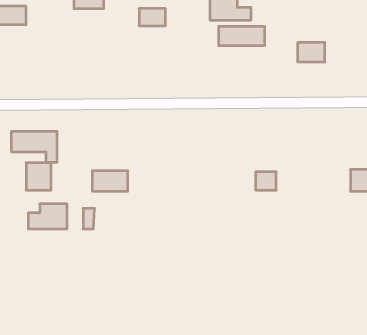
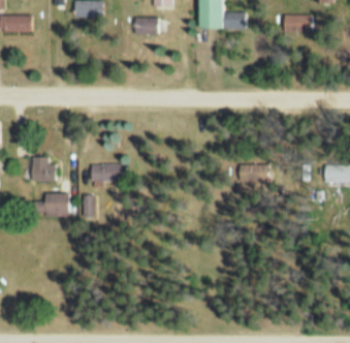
building: [219,26,264,46] -> none
building: [298,43,325,62] -> [284,14,309,32]
building: [12,131,57,162] -> none

